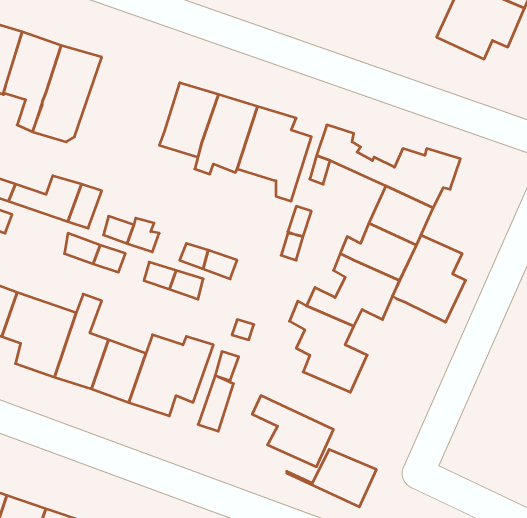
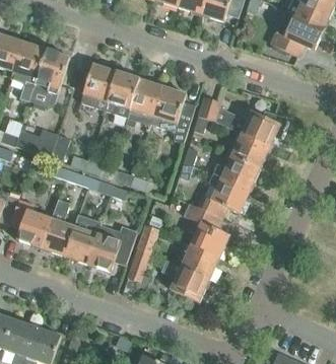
building: none -> [80,64,117,110]
building: [393,235,466,322] -> none
building: [287,449,376,507] -> [165,245,219,280]

